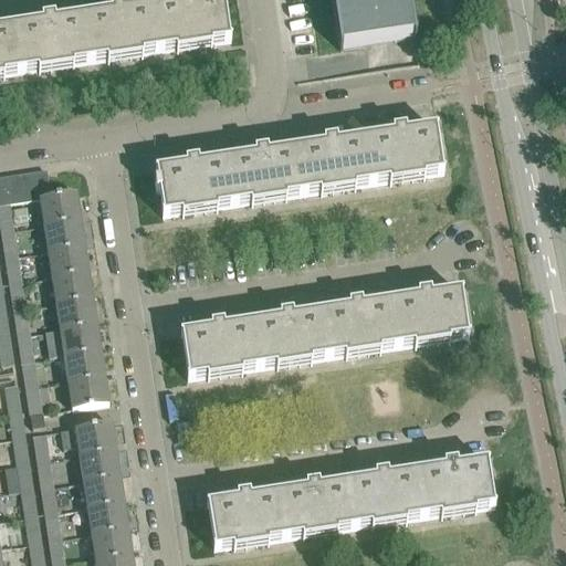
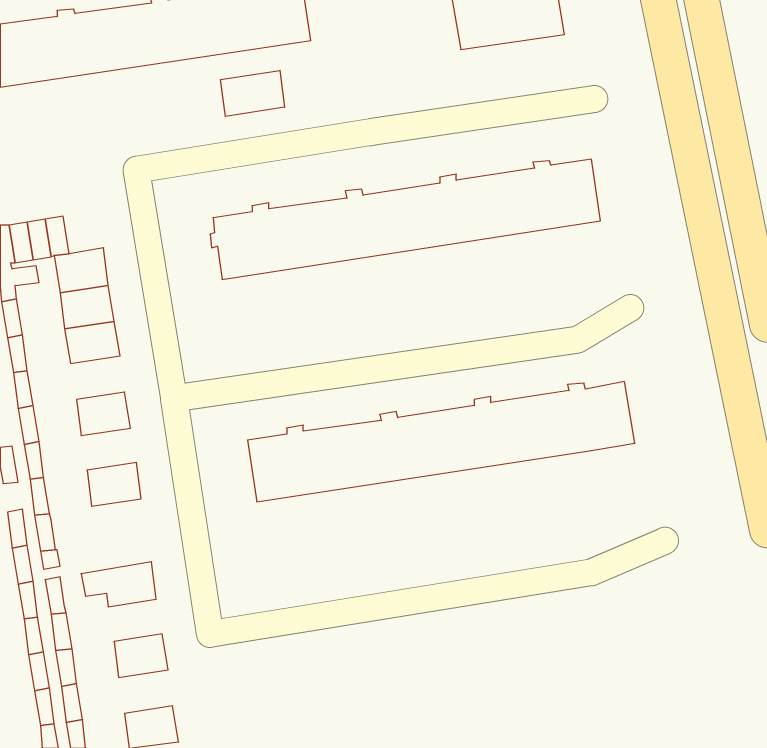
building: none -> [221,70,285,116]
building: [52,262,92,294] -> none
building: [46,315,101,348] -> none
building: [67,367,108,400] -> none
building: [80,441,119,472] -> none
building: [207,452,493,539] -> none
building: [87,493,127,525] -> none

